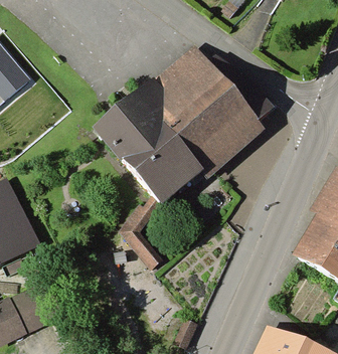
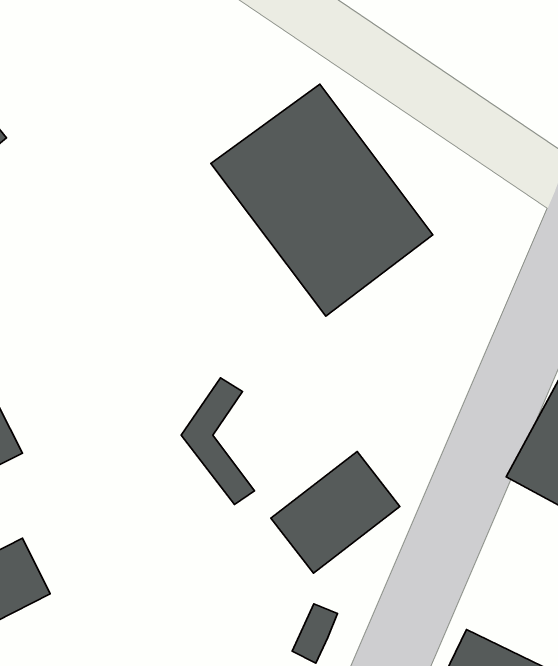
building: [98,94,199,203] -> none
building: none -> [271,452,400,573]

